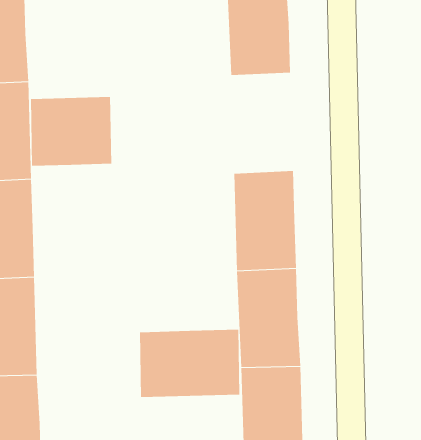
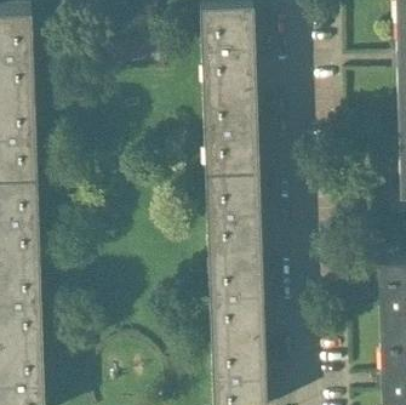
building: none -> [204,82,257,167]
building: [30,96,112,167] -> none
building: [140,329,240,398] -> none

